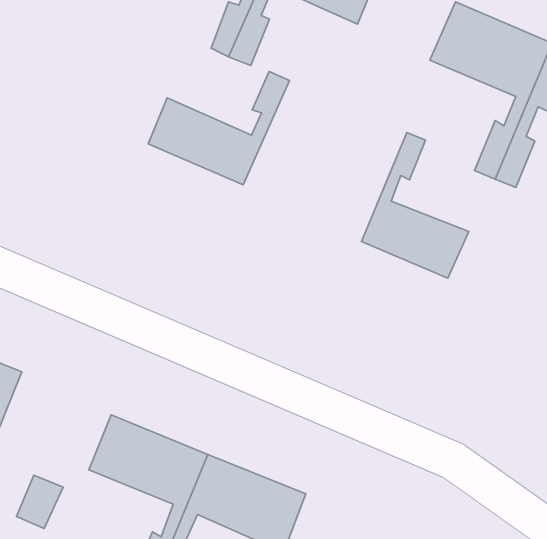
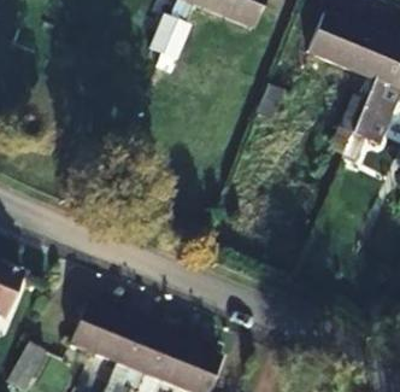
building: [148,72,289,185] -> none
building: [361,133,469,278] -> none

